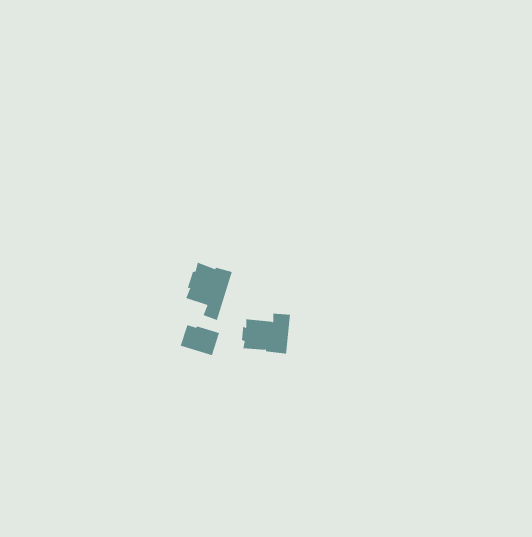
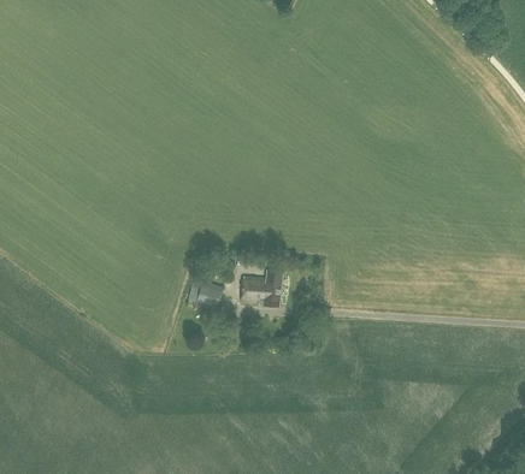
building: [186,262,233,321] -> none

